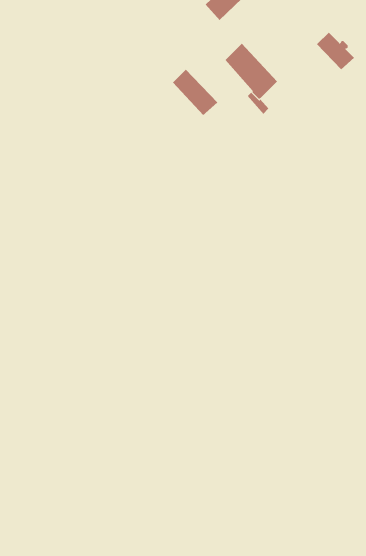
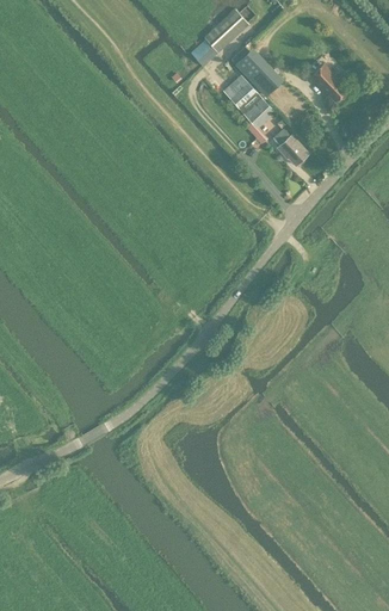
building: [172,69,218,116] -> [235,49,279,94]
building: none -> [273,126,308,163]

